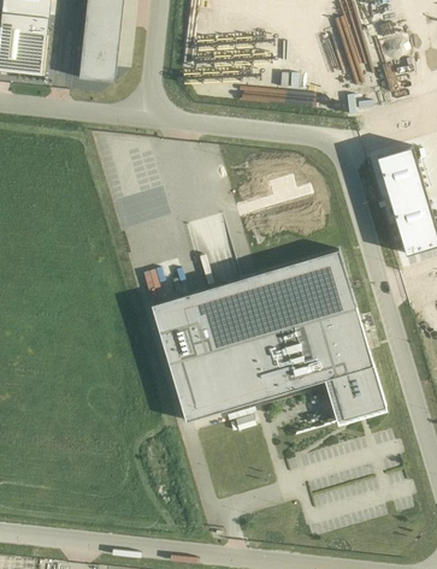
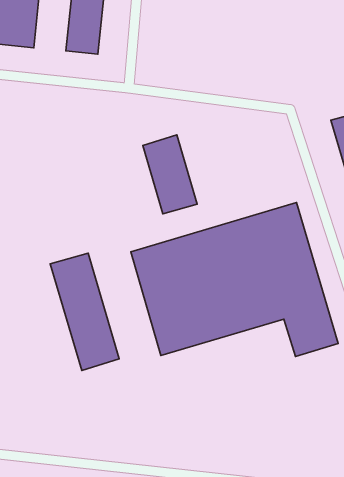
building: none -> [143,135,197,214]
building: none -> [50,253,119,371]

